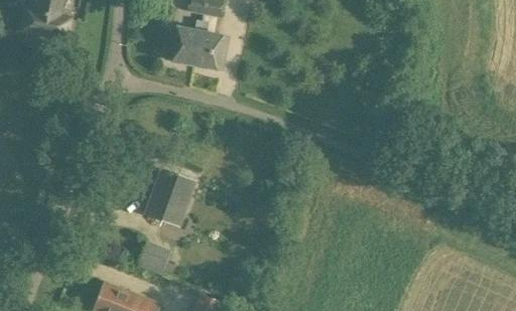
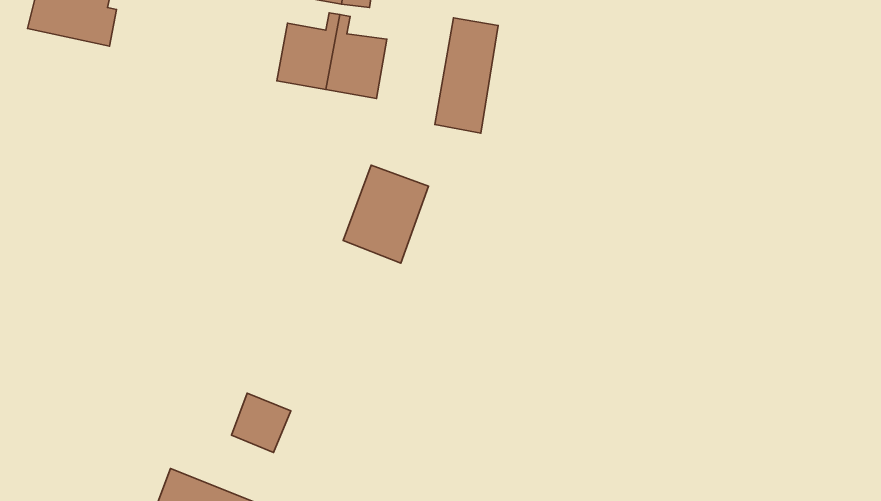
building: none -> [435,18,498,133]
building: [145,169,195,225] -> [343,165,429,263]

